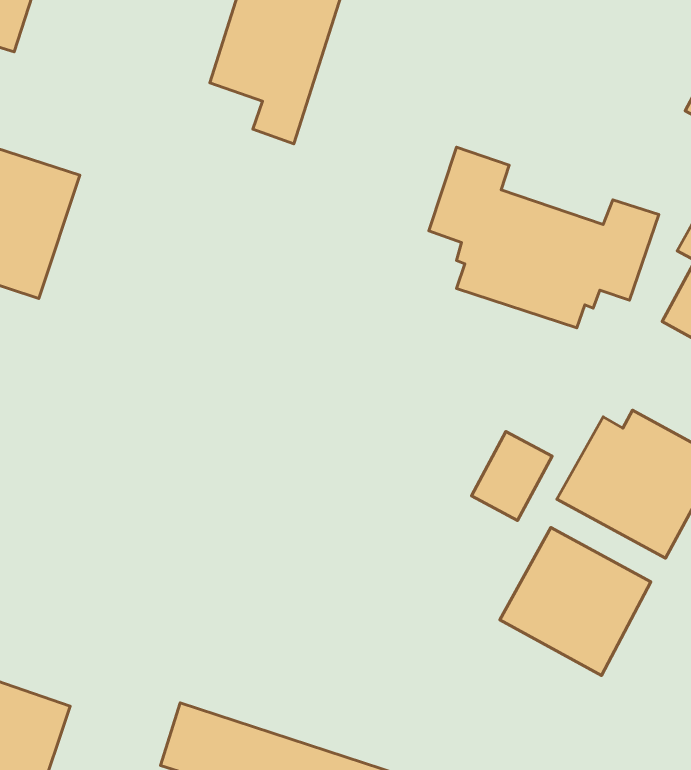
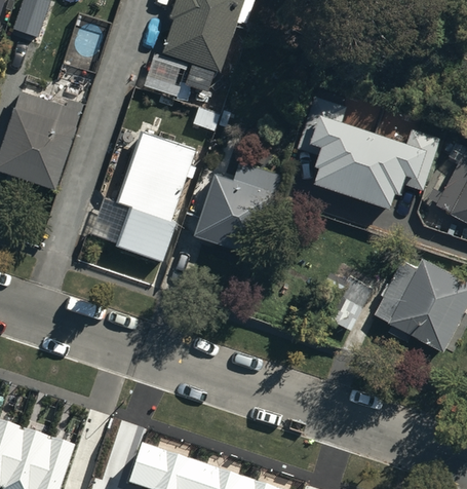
building: none -> [91,128,194,258]
building: none -> [192,164,279,256]
building: [500,527,651,675] -> none

